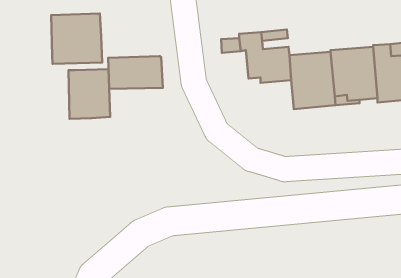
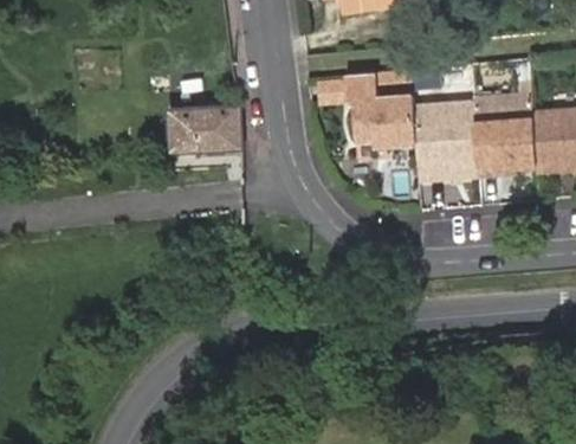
building: [51,13,102,64] -> none
building: [68,69,110,119] -> none

